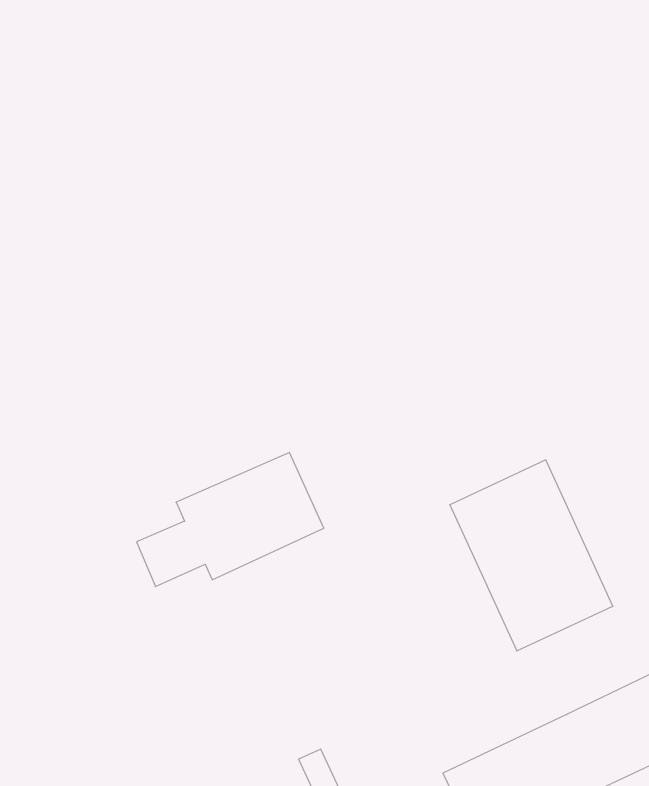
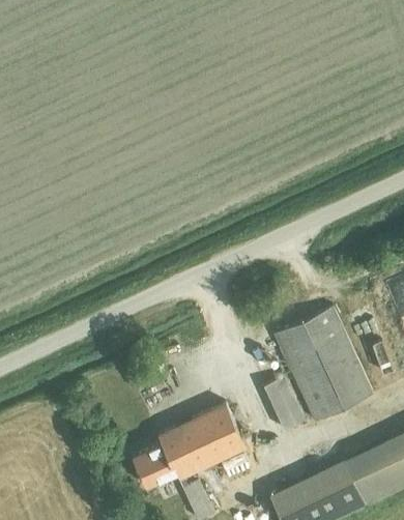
building: [137,452,324,587] -> [134,403,247,484]
building: none -> [263,376,306,432]

